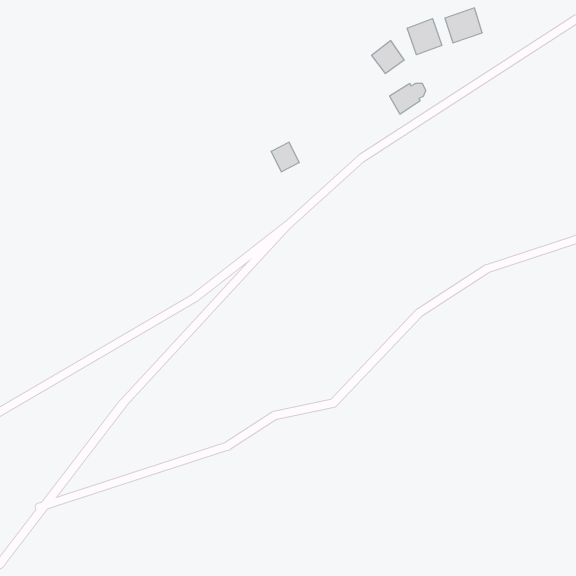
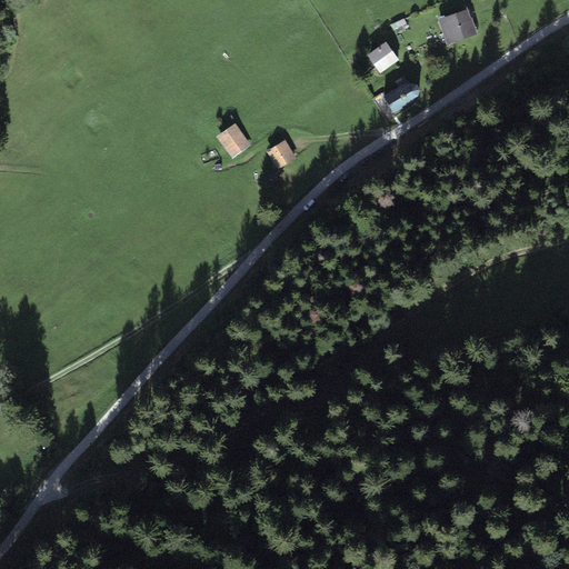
building: [407,19,442,55] -> none
building: none -> [217,124,251,160]

